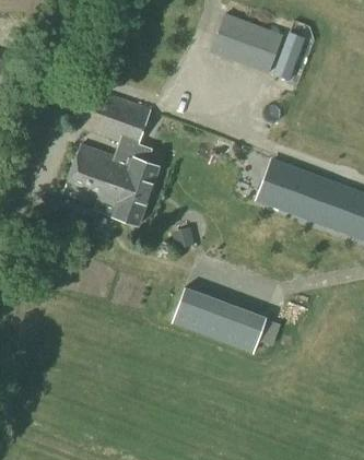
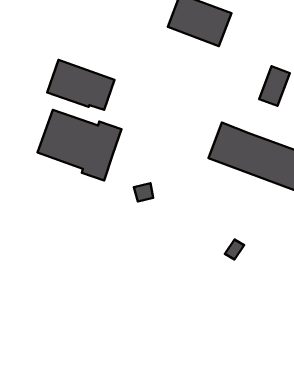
building: [270,35,305,80] -> [259,66,290,106]
building: [173,287,281,351] -> none

